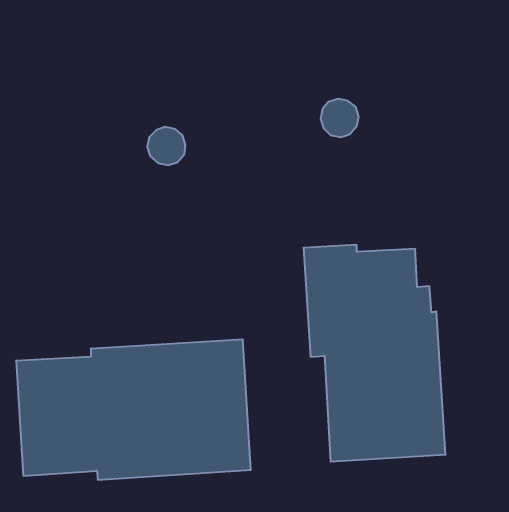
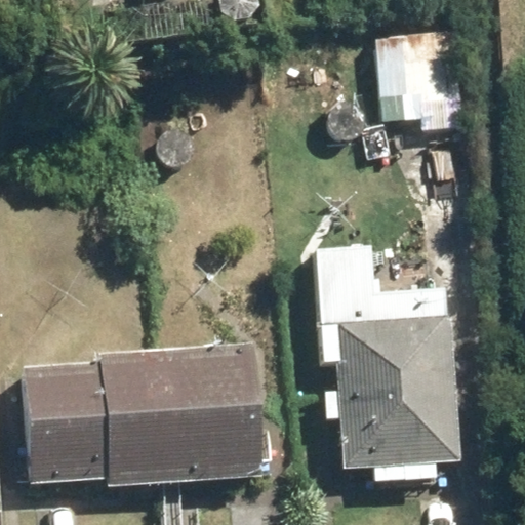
building: none -> [375,28,459,107]

